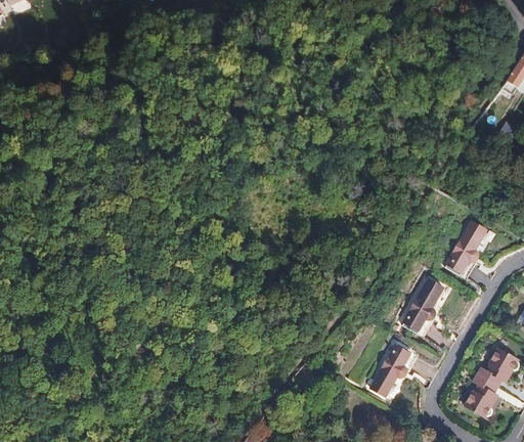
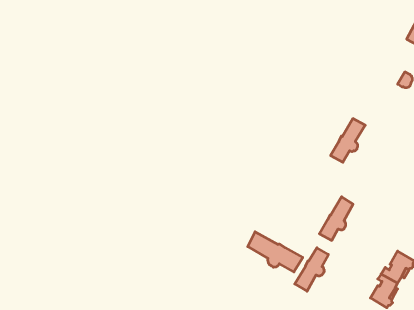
building: [443,221,486,275] -> [331,119,365,162]
building: none -> [248,232,303,272]

